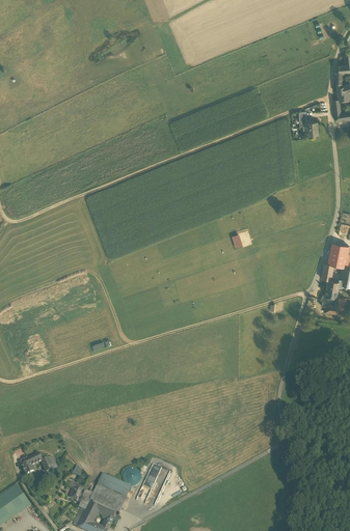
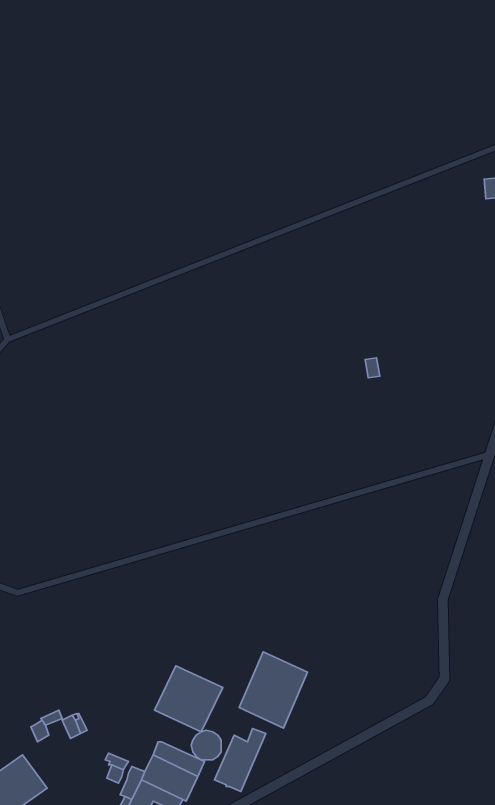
building: none -> [239,652,308,728]
building: none -> [154,666,223,732]

